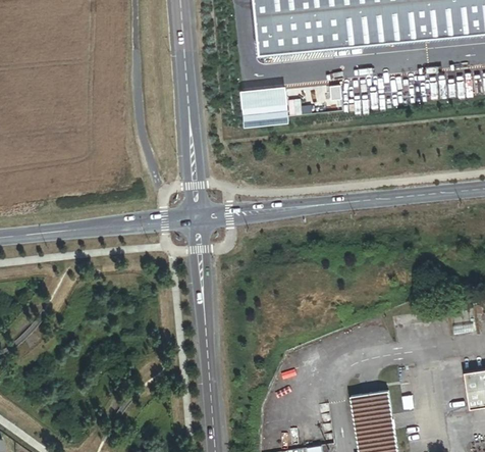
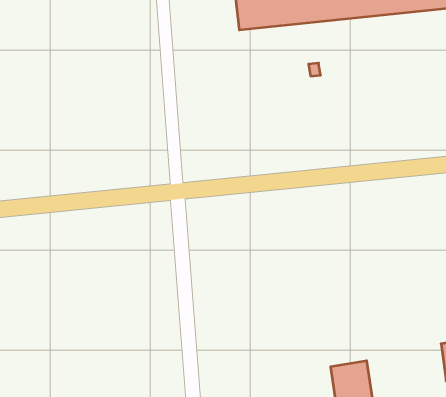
building: [242,87,290,128] -> none

